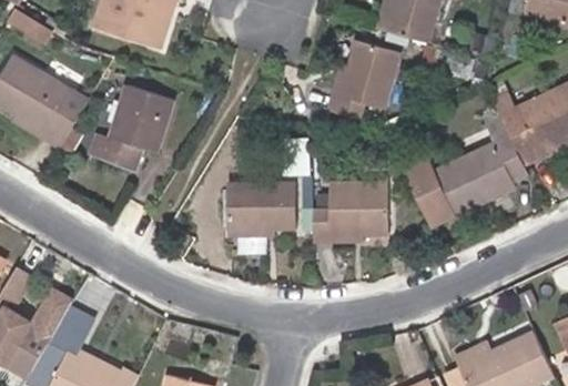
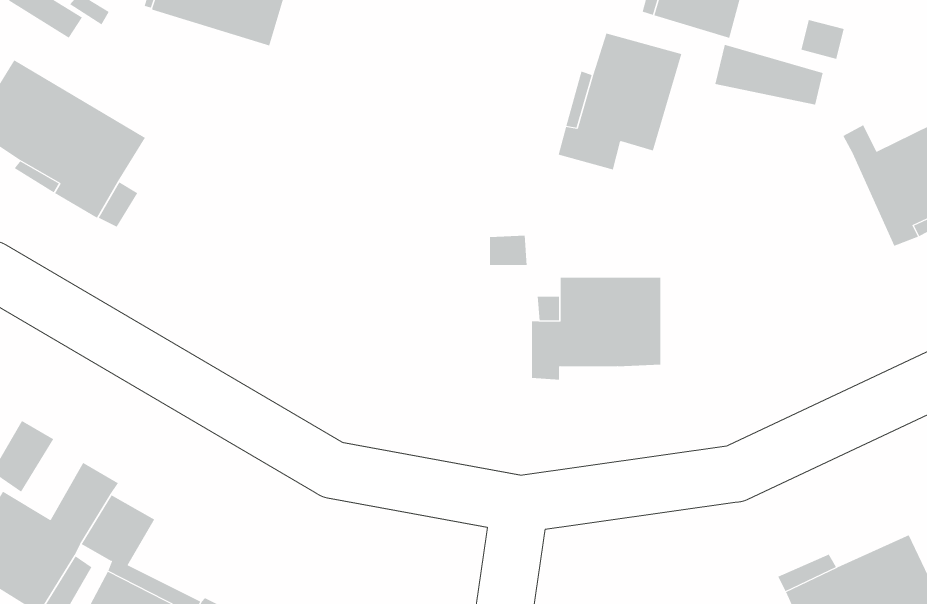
building: [88,84,173,172] -> none
building: [403,110,528,226] -> none
building: [226,182,296,230] -> none

